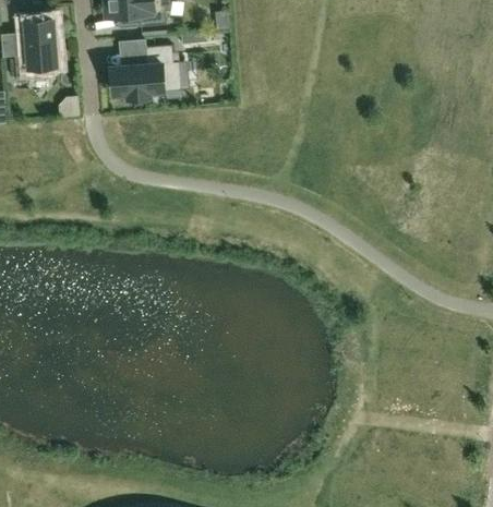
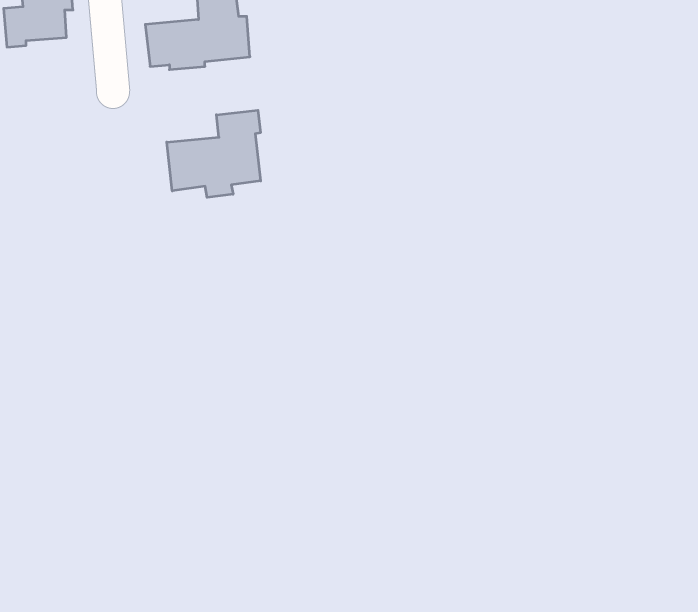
building: none -> [167,110,261,197]

